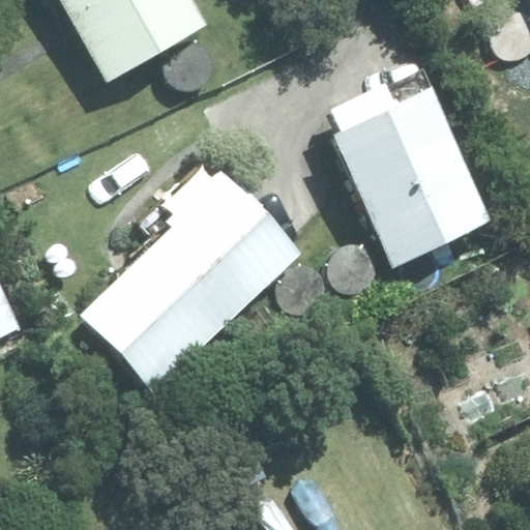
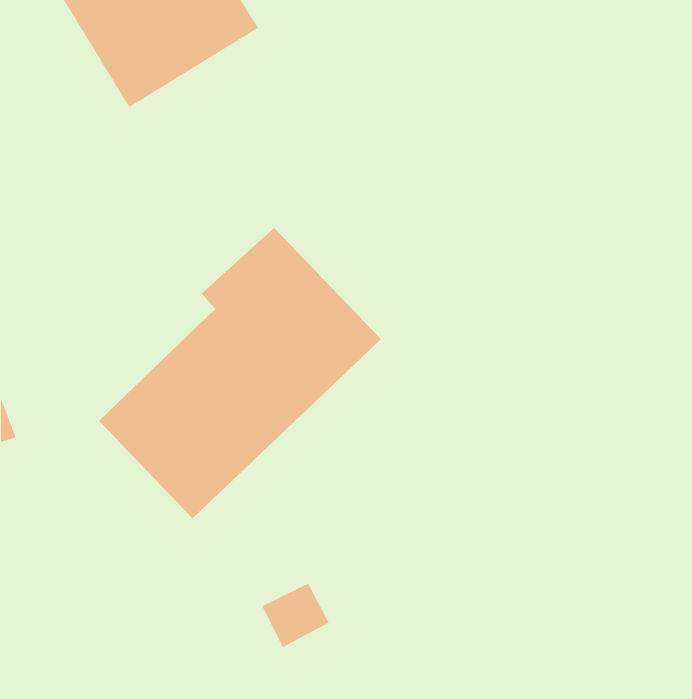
building: [330,86,491,266] -> none

